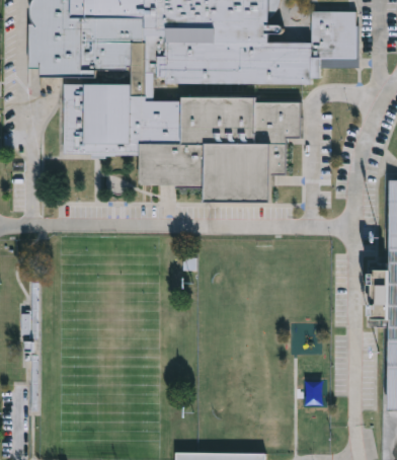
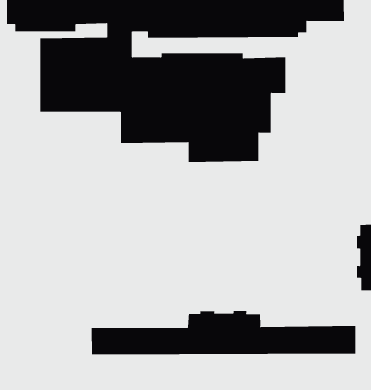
building: none -> [91,310,356,355]

